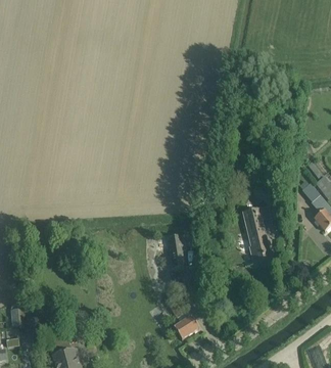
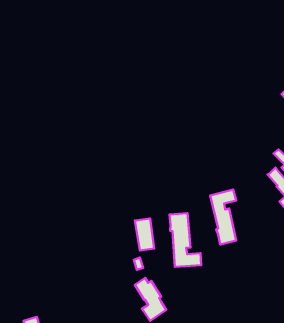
building: none -> [169,213,201,267]

